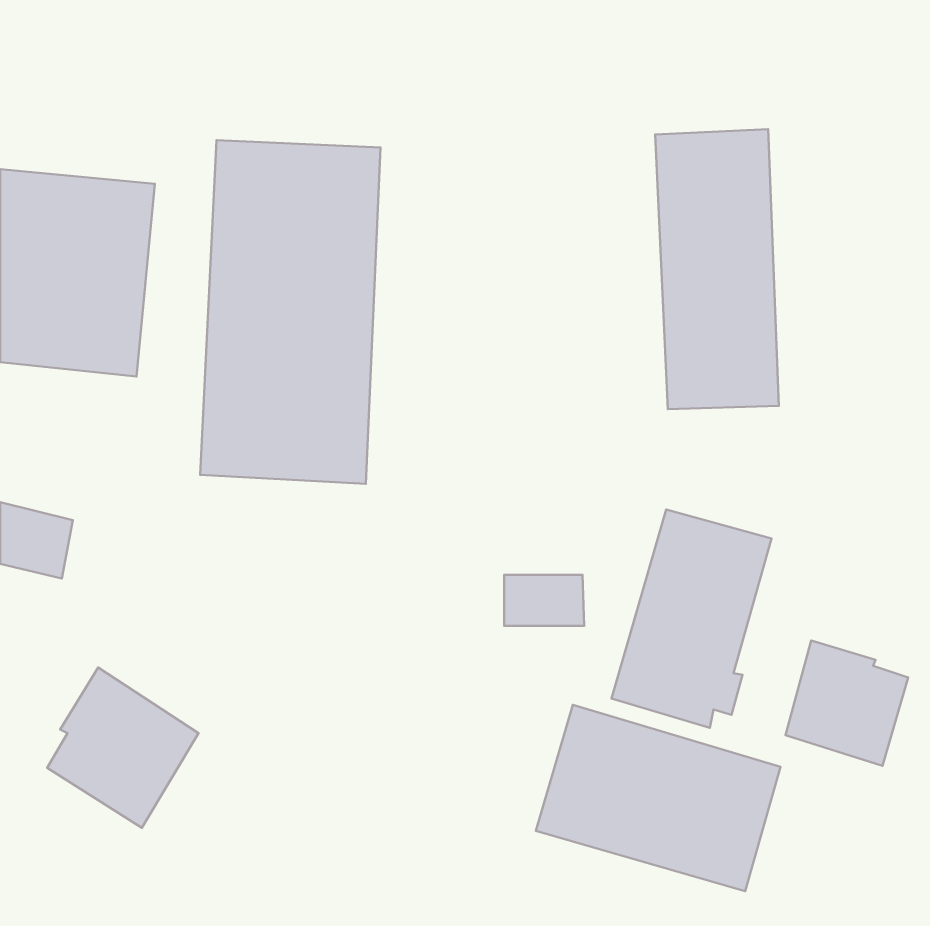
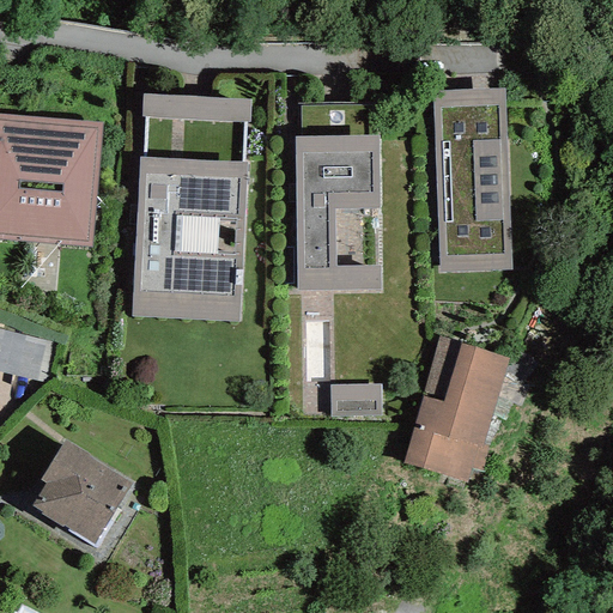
building: none -> [295,135,381,290]
building: [785,640,908,766] -> none
building: [536,705,780,891] -> none

